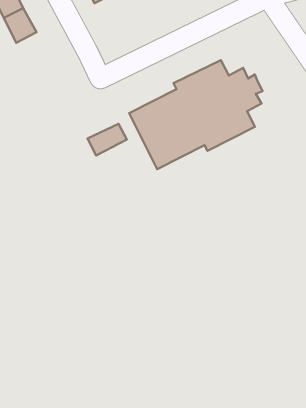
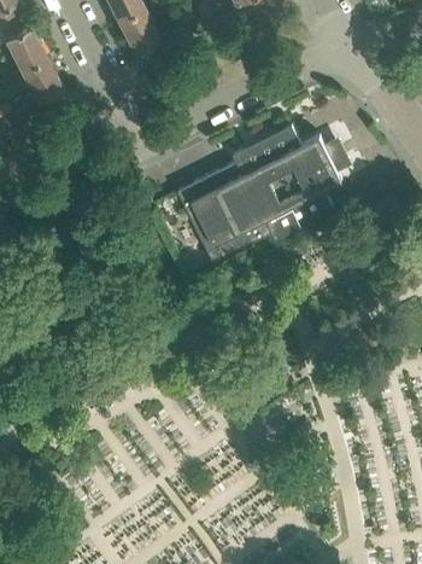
building: [88,124,127,155] -> none

